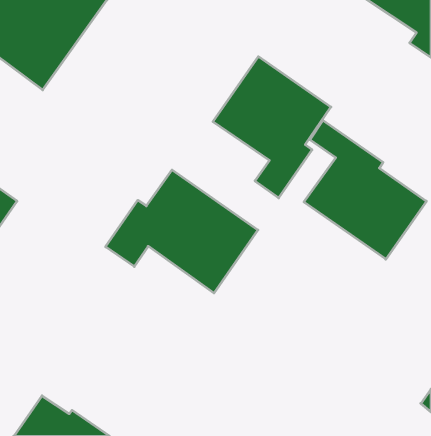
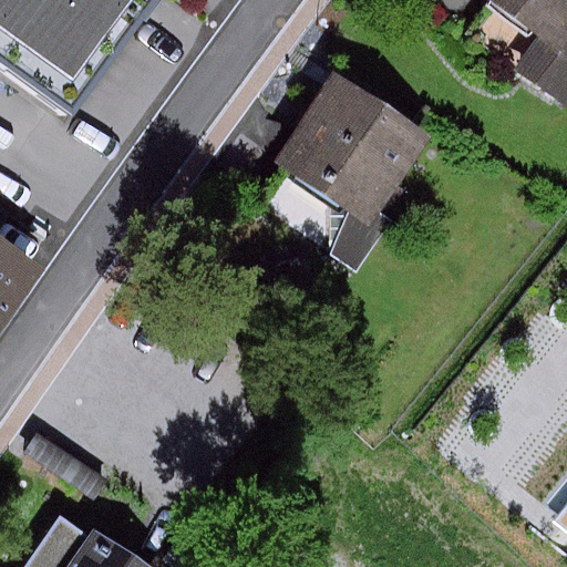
building: [304,120,426,259] -> none
building: [106,170,258,293] -> none

